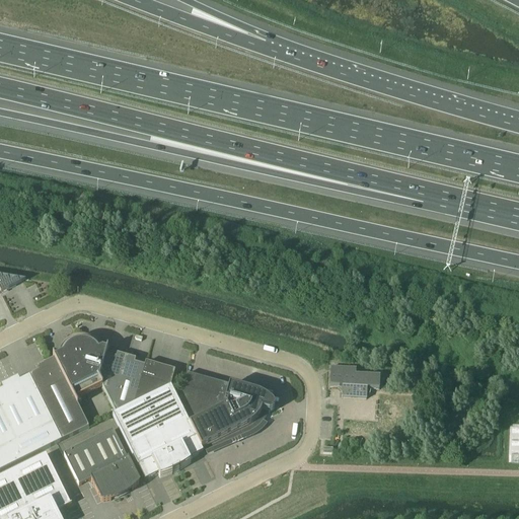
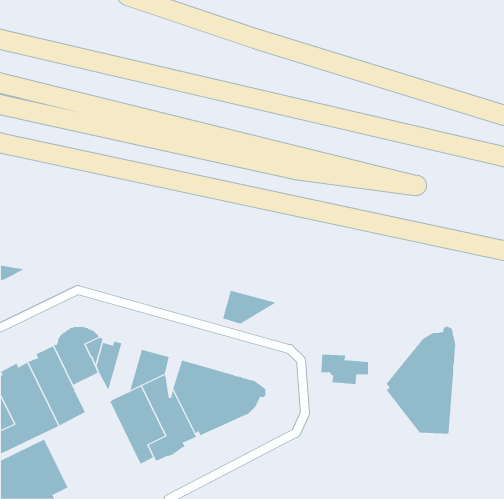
building: none -> [222,290,277,325]
building: none -> [386,326,456,435]
building: [112,353,144,411] -> none
building: [64,427,139,498] -> none

